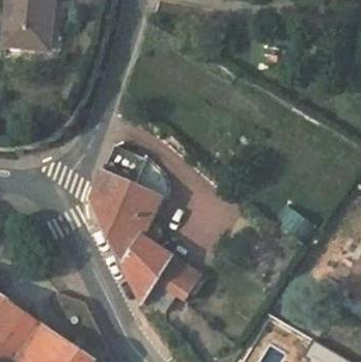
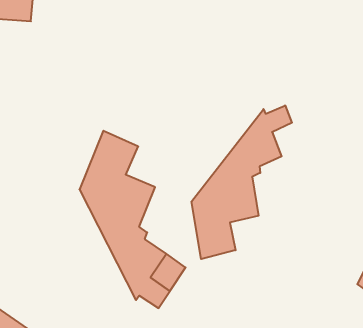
building: none -> [191,105,292,259]

